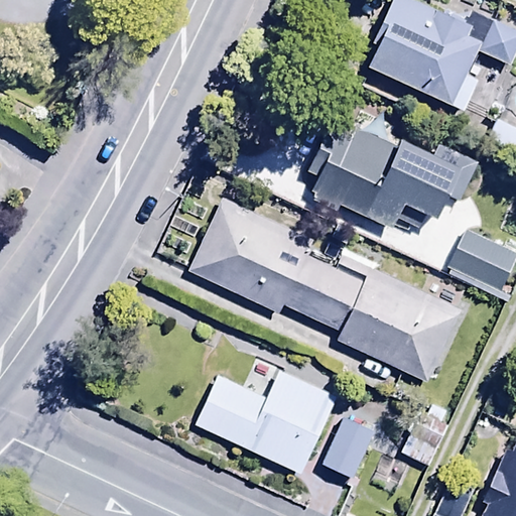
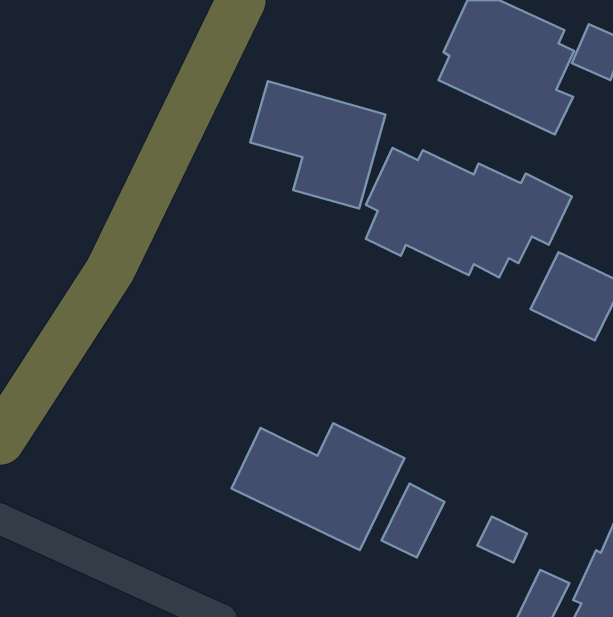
building: none -> [250,81,385,208]
building: [190,200,465,385] -> none

